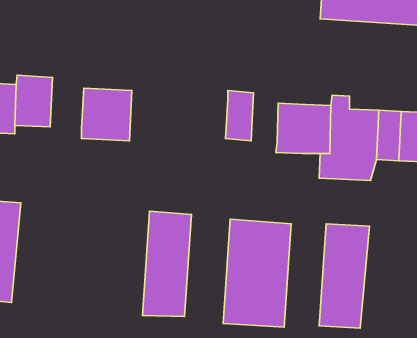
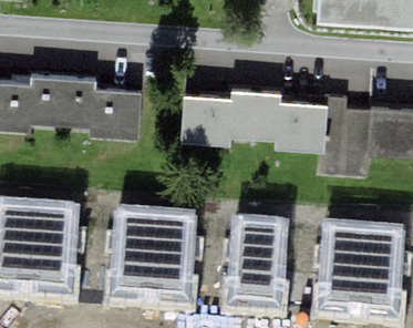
building: none -> [62,80,94,127]
building: none -> [252,94,279,141]
building: none -> [180,98,230,146]
building: none -> [25,198,79,296]
building: none -> [109,204,156,305]
building: none -> [355,221,402,319]

